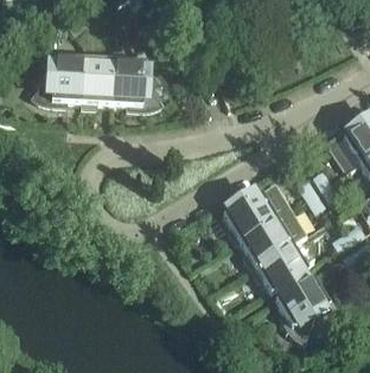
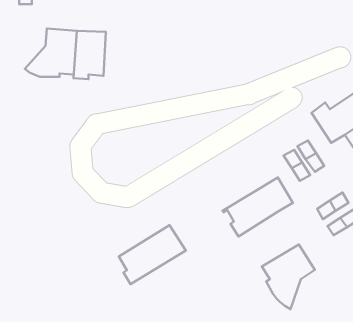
building: [113,58,164,109] -> none
building: [223,181,292,242] -> [119,225,186,284]
building: [251,242,308,291] -> none

